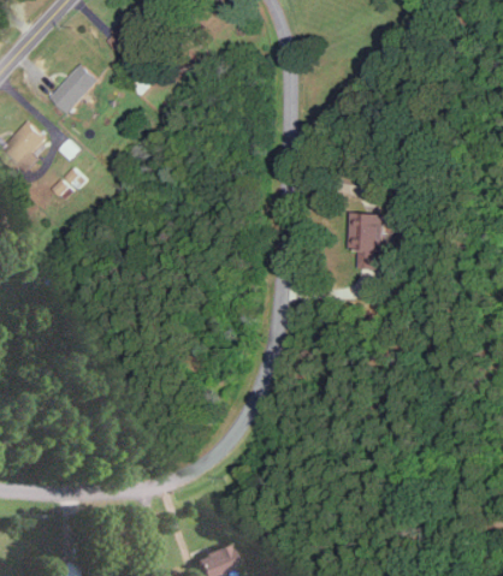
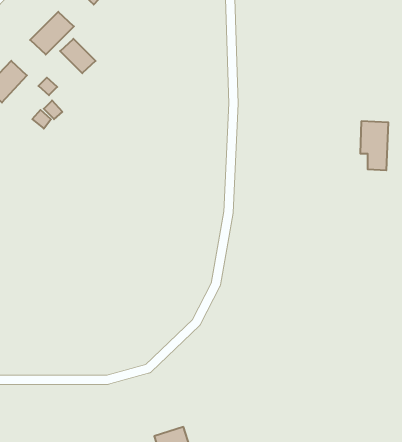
building: none -> [60,39,96,73]
building: [349,214,381,271] -> [360,121,388,170]

